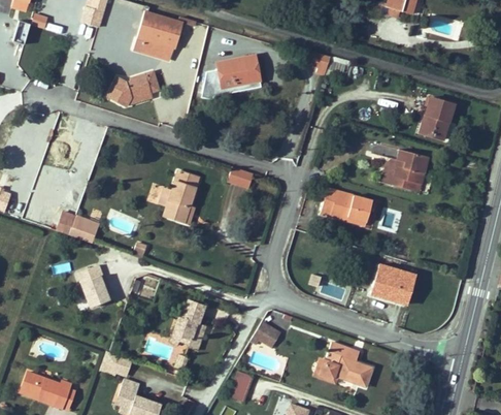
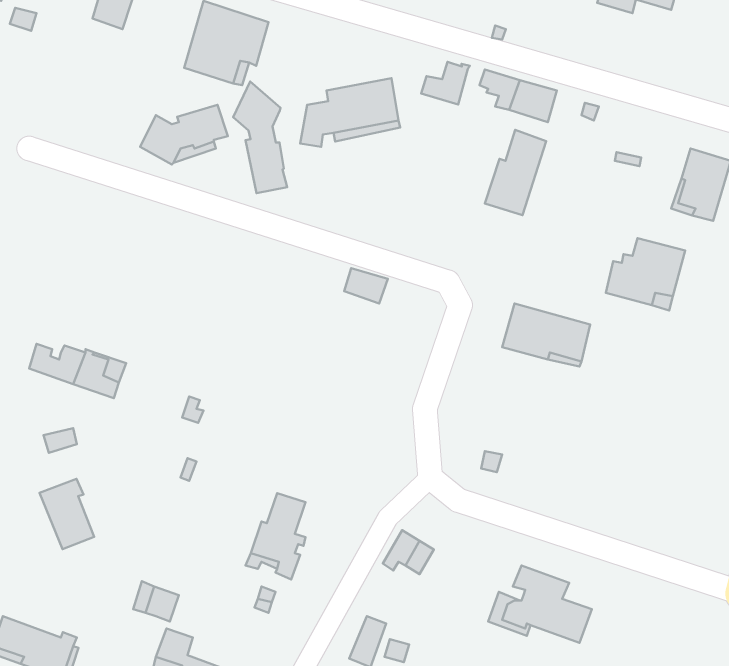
building: none -> [421,62,470,105]
building: none -> [233,82,287,193]
building: none -> [485,130,546,215]
building: [160,170,199,224] -> none
building: [370,264,416,305] -> none
building: [77,265,109,307] -> [40,479,94,549]

